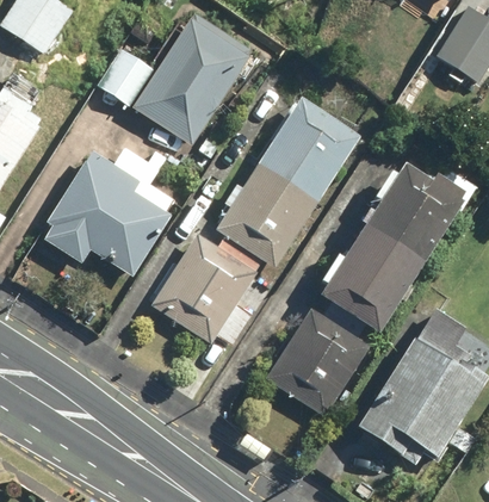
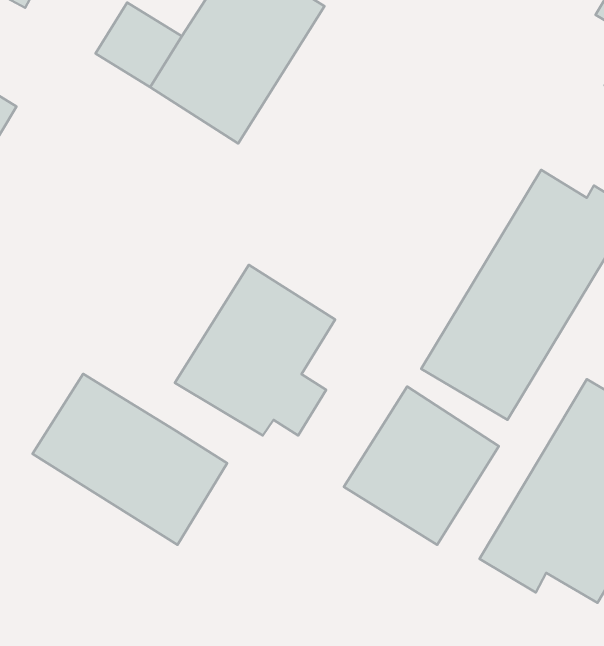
building: [221,100,359,265] -> none
building: [44,147,177,274] -> none
building: none -> [32,374,227,545]

